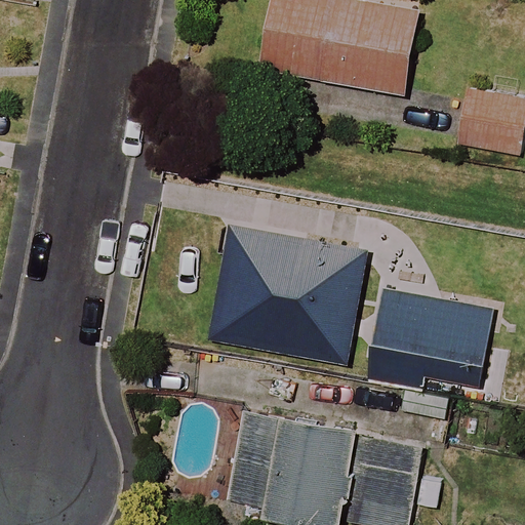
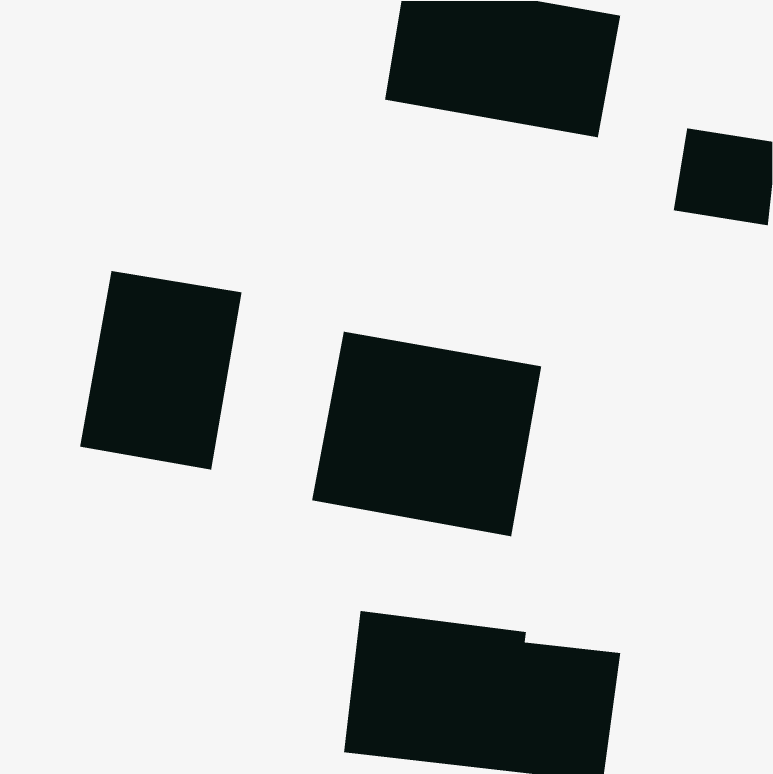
building: none -> [79,270,243,471]
building: [372,292,490,387] -> none

